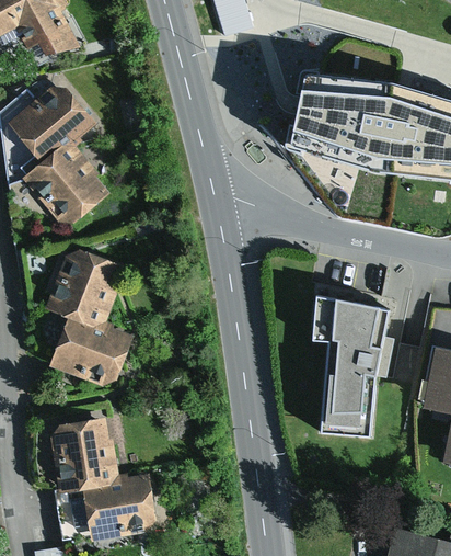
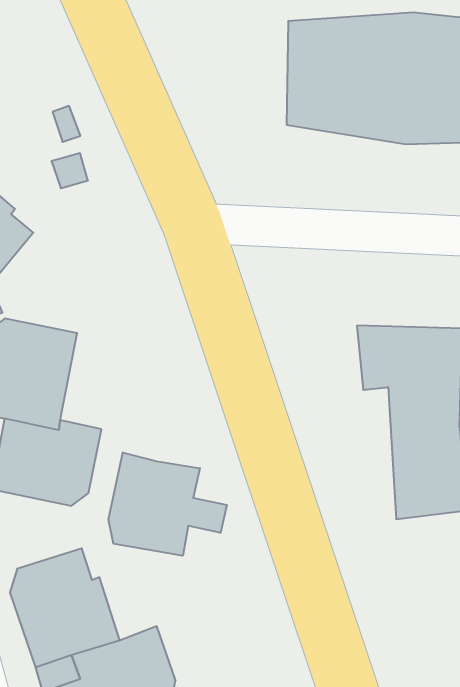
building: none -> [109,452,227,556]

